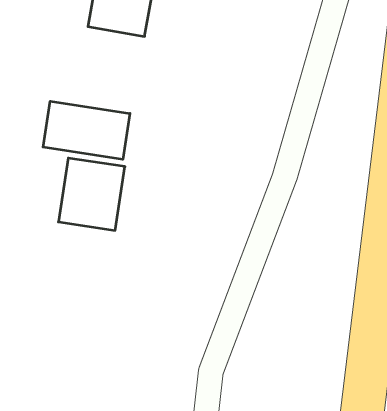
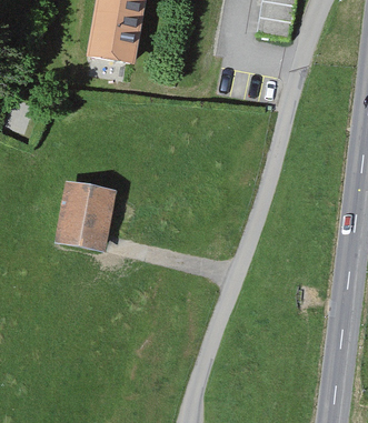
building: [43,101,130,159] -> none

